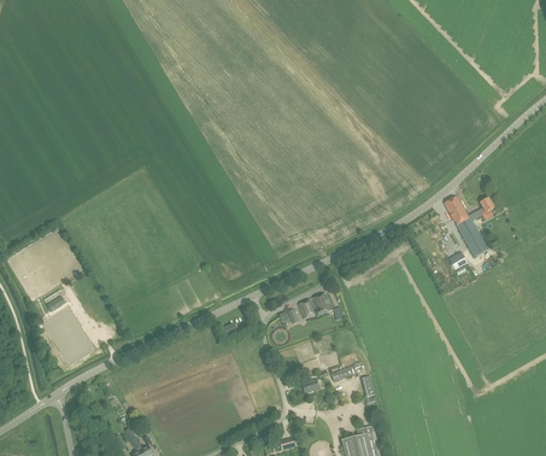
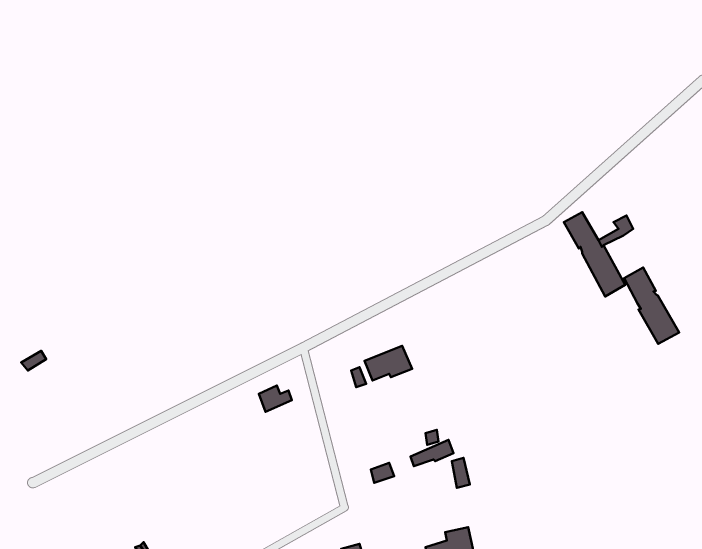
building: none -> [624,268,679,344]

